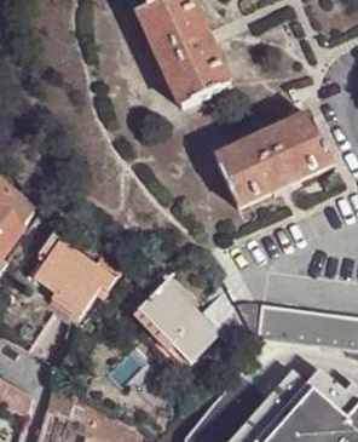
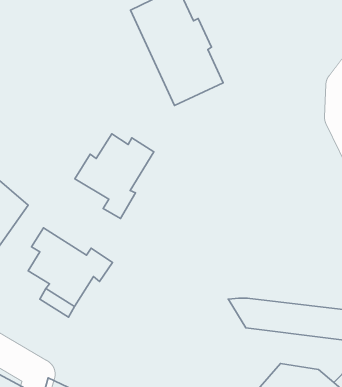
building: [213,115,333,208] -> none
building: none -> [75,134,154,218]
building: [135,283,237,363] -> none

